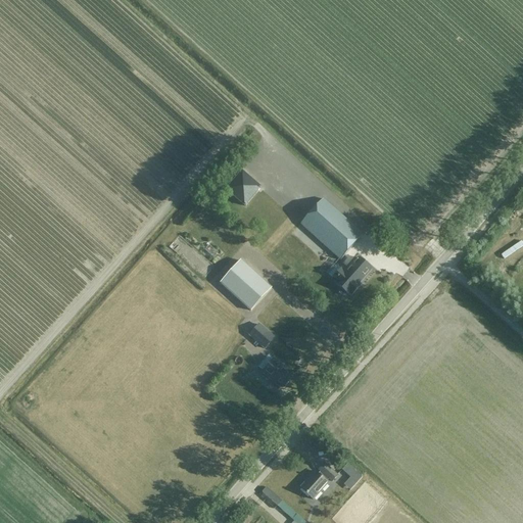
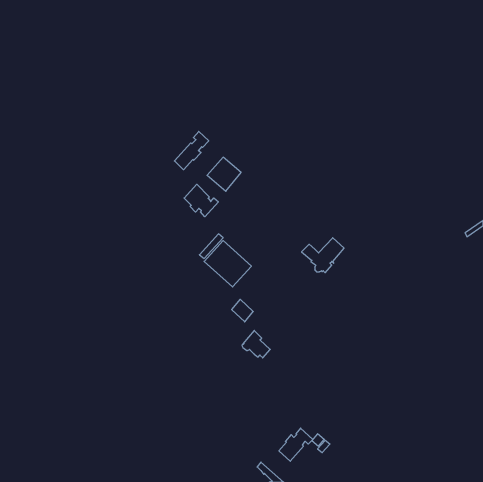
building: none -> [174,131,209,170]
building: [301,198,363,258] -> none
building: none -> [184,184,218,217]

